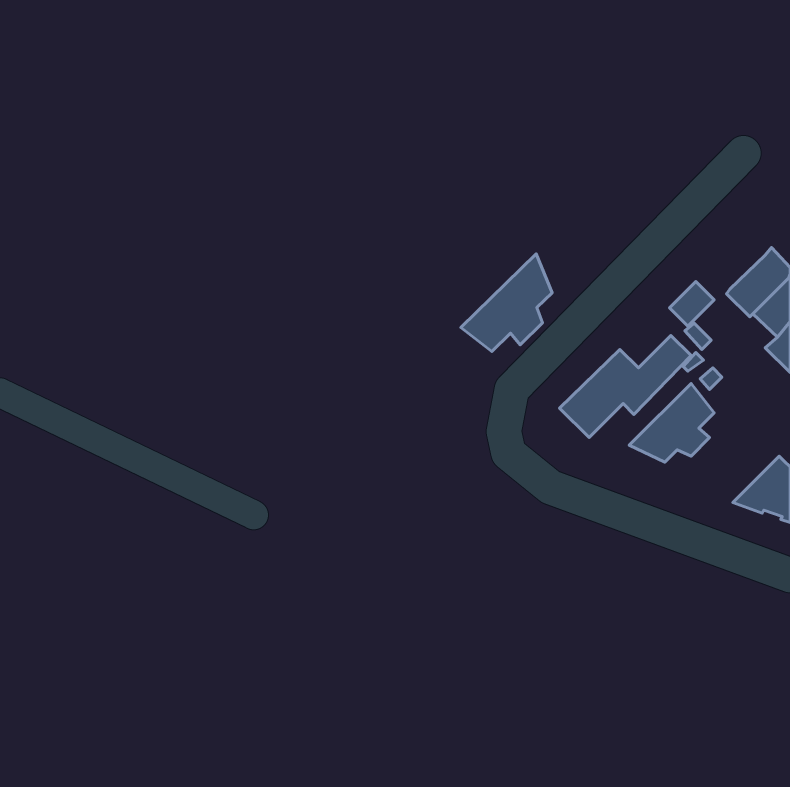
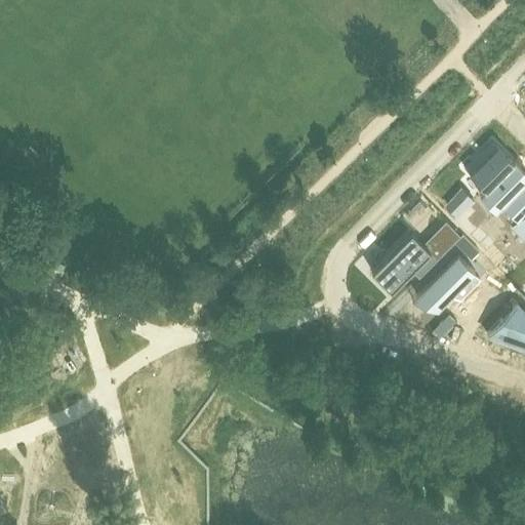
building: none -> [466,137,514,187]
building: [461,254,552,351] -> none

